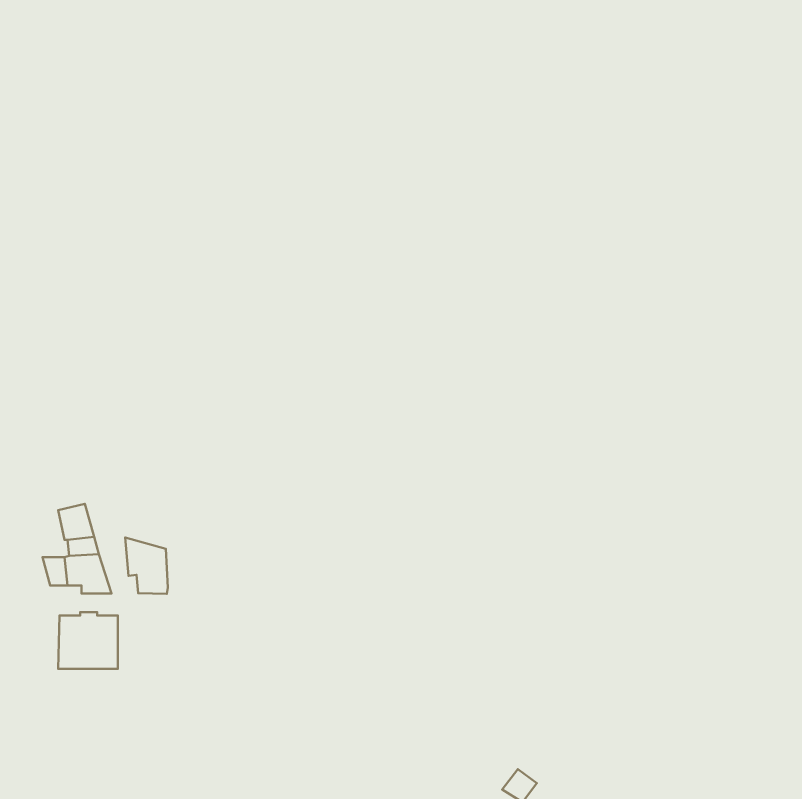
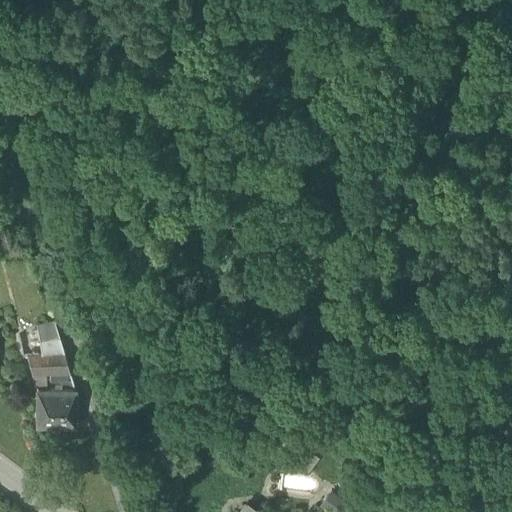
building: [125,537,168,594] -> none

